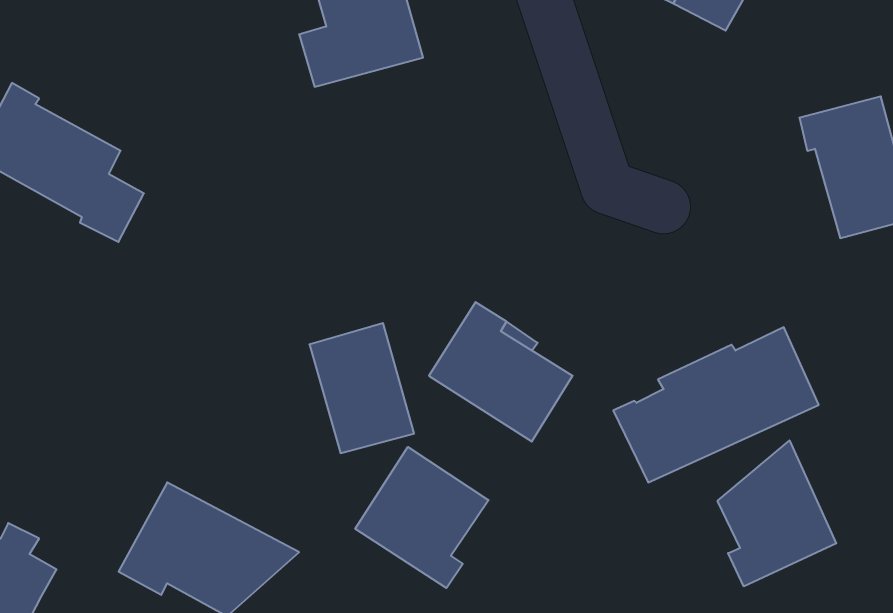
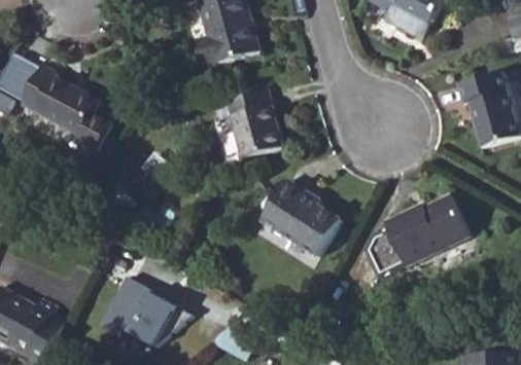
building: [309,323,414,453] -> [227,88,282,157]
building: [718,440,836,586] -> none
building: [355,447,489,588] -> none

